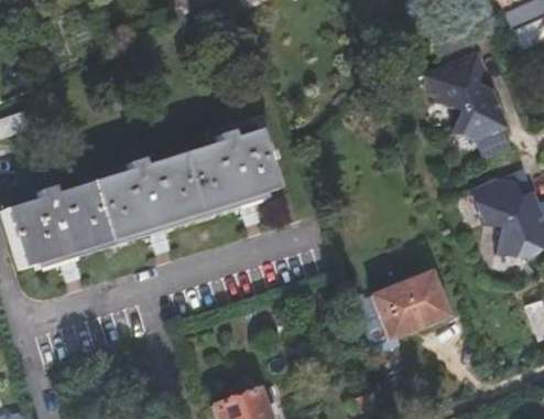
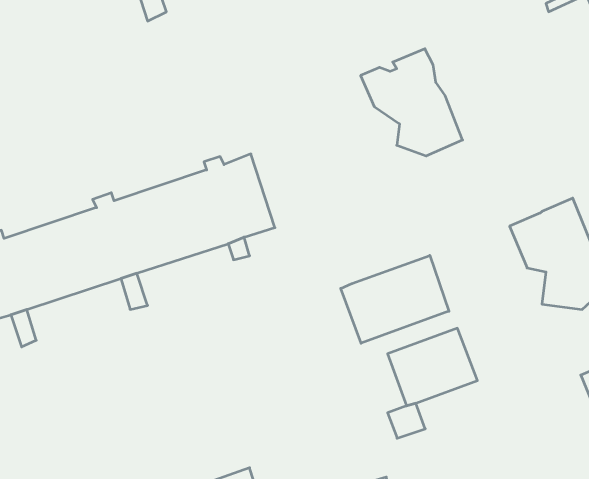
building: [423,51,507,139] -> [361,49,463,156]
building: none -> [341,255,449,343]

